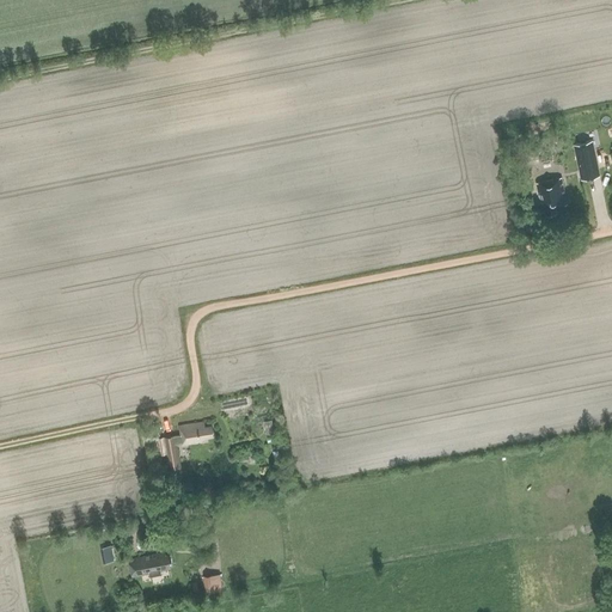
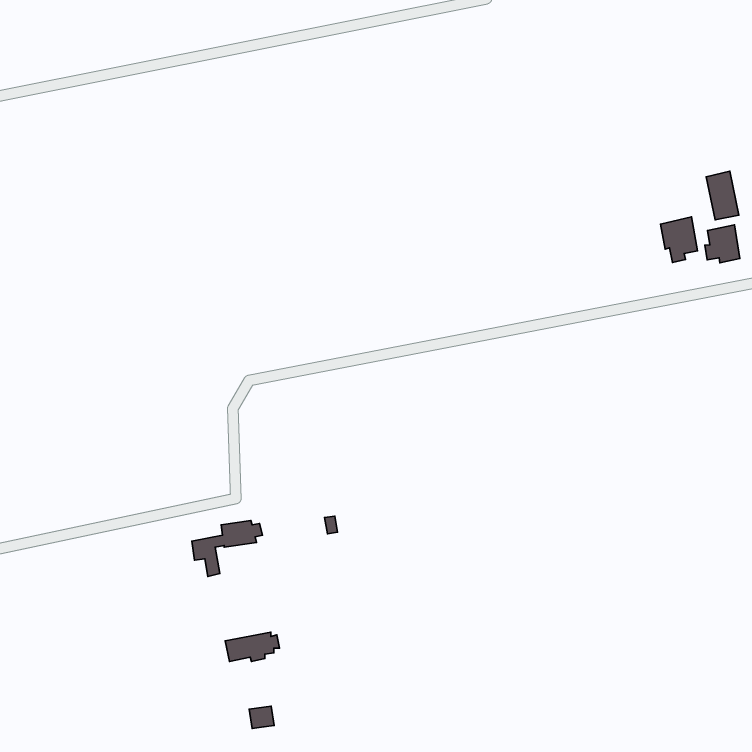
building: none -> [705,225,740,263]
building: [129,551,173,575] -> [225,632,280,662]

